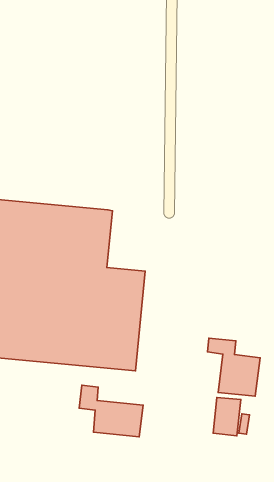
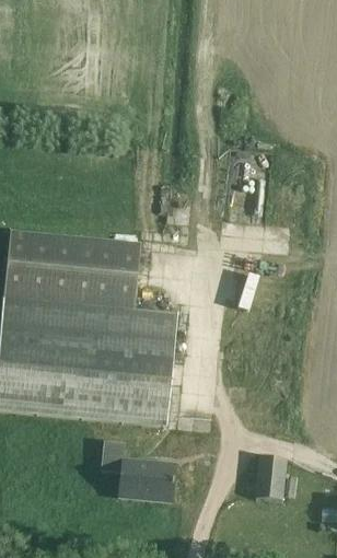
building: [207,338,260,396] -> none

